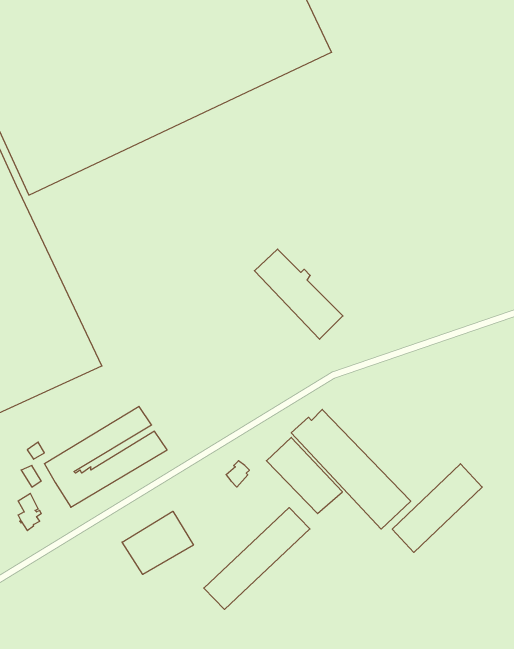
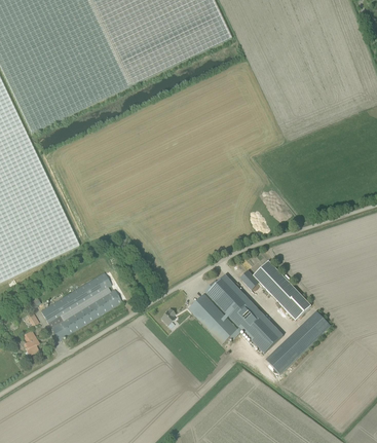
building: [254,249,343,339] -> [252,259,310,319]
building: [204,508,310,609] -> none
building: [122,511,193,574] -> none

